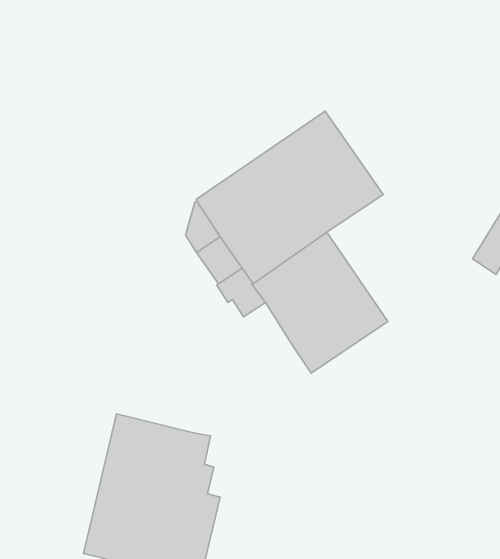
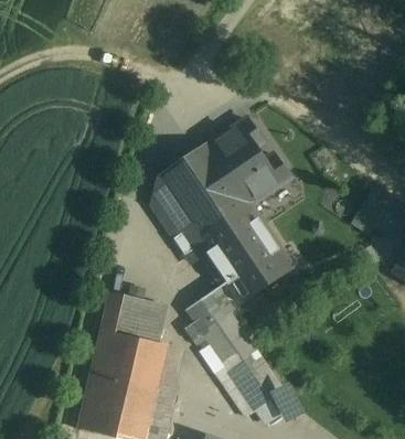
building: none -> [183,282,292,422]
building: none -> [102,292,166,344]

